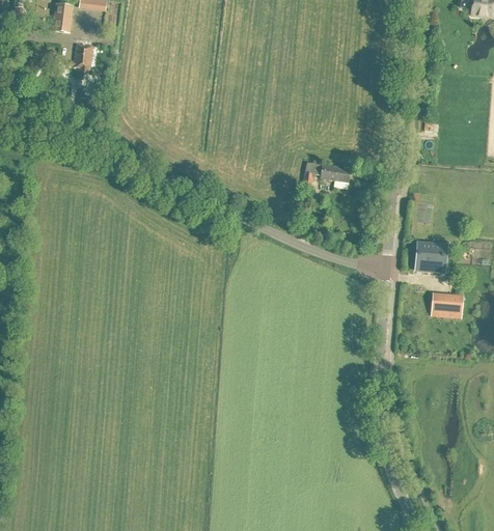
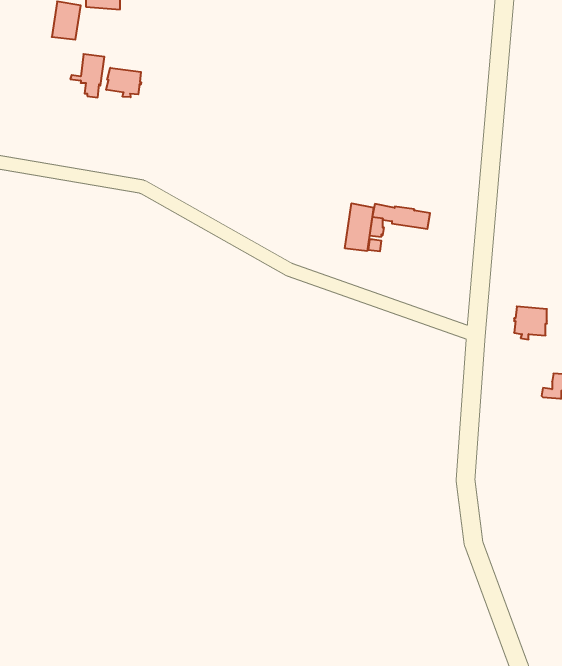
building: none -> [106,68,141,97]
building: none -> [345,203,373,251]

